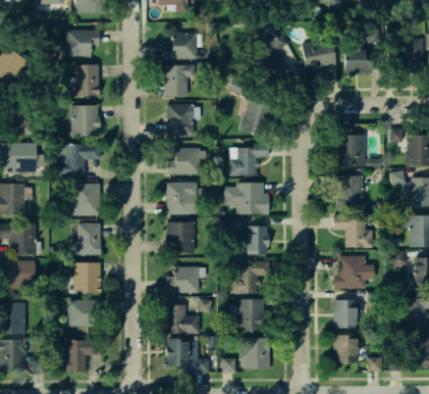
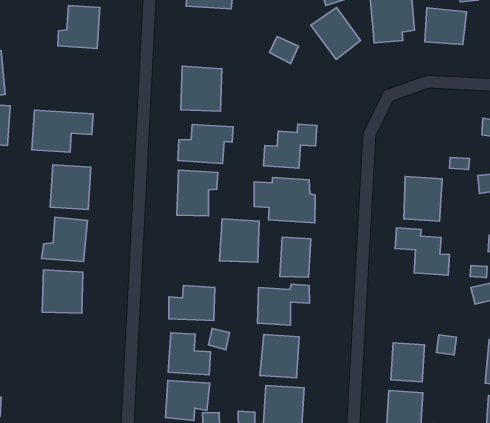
building: [164,64,195,97] -> none
building: [240,100,275,137] -> none
building: [70,104,99,136] -> none
building: [333,135,365,167] -> none
building: [166,221,195,253] -> [220,219,259,262]
building: [334,254,367,290] -> none
building: [66,299,101,328] -> none
building: [63,340,97,371] -> none

